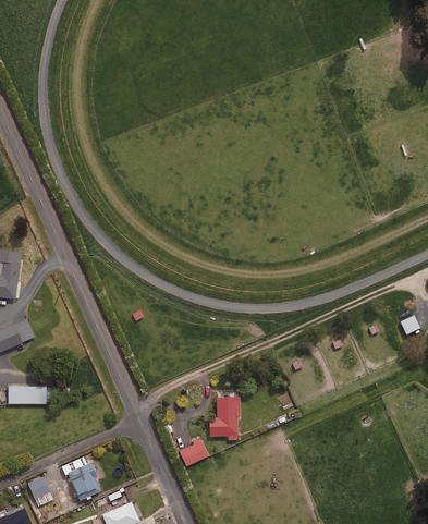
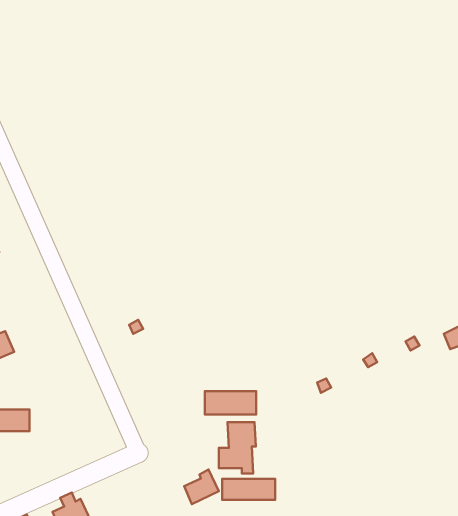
building: none -> [205,391,256,415]
building: none -> [222,479,275,500]

